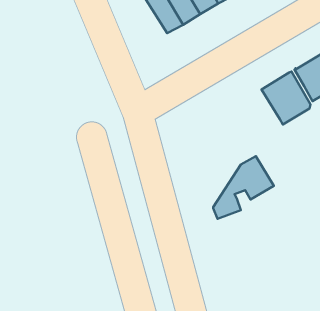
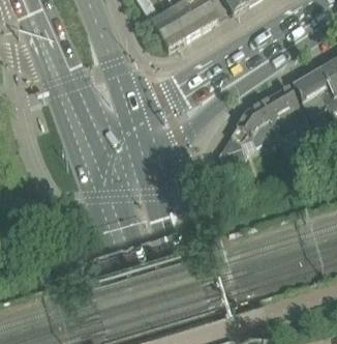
building: [213,156,274,219] -> [219,103,278,164]

